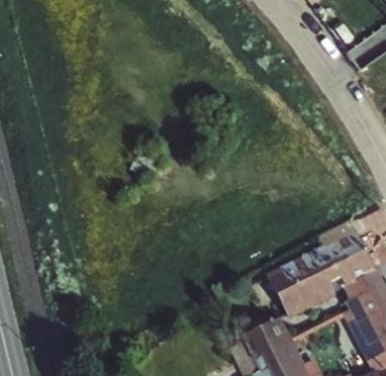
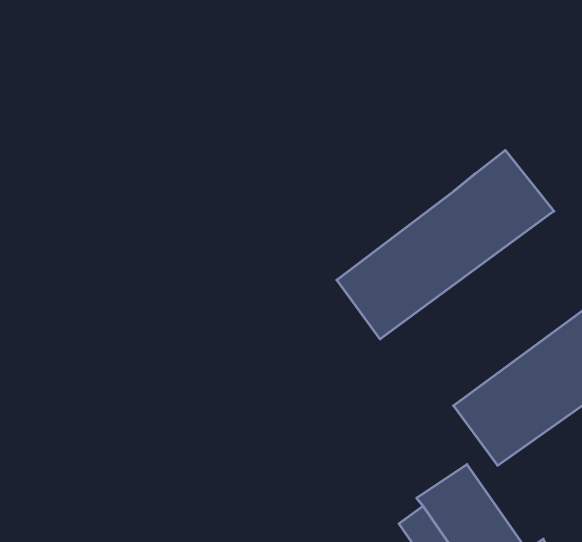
building: none -> [337,150,554,339]

